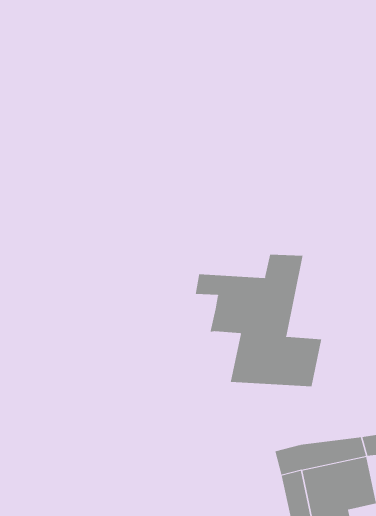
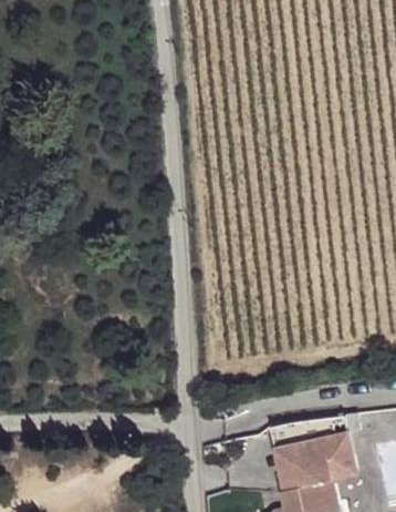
building: [195,254,322,387] -> none

